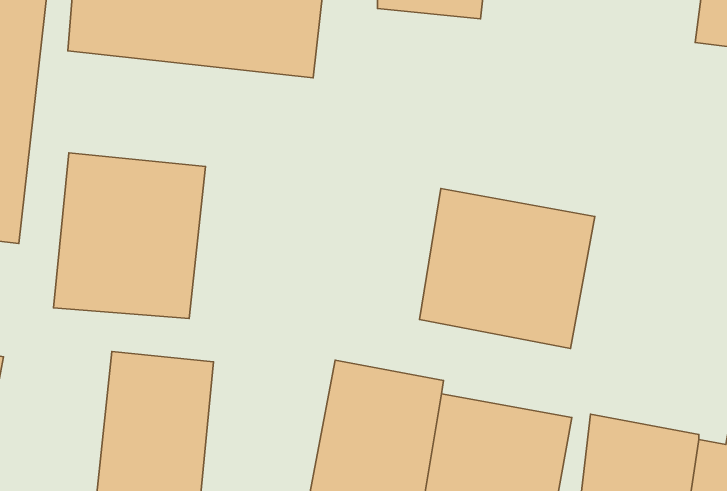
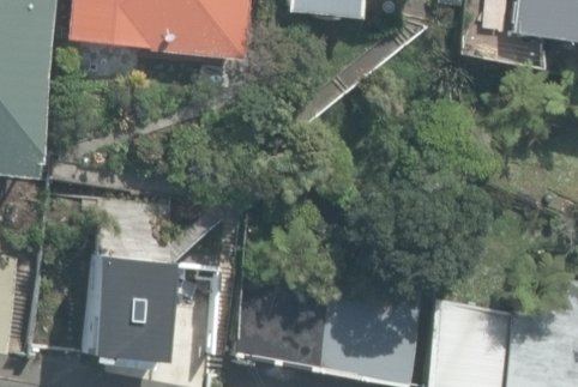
building: [53,153,206,319] -> none
building: [420,188,595,349] -> none

